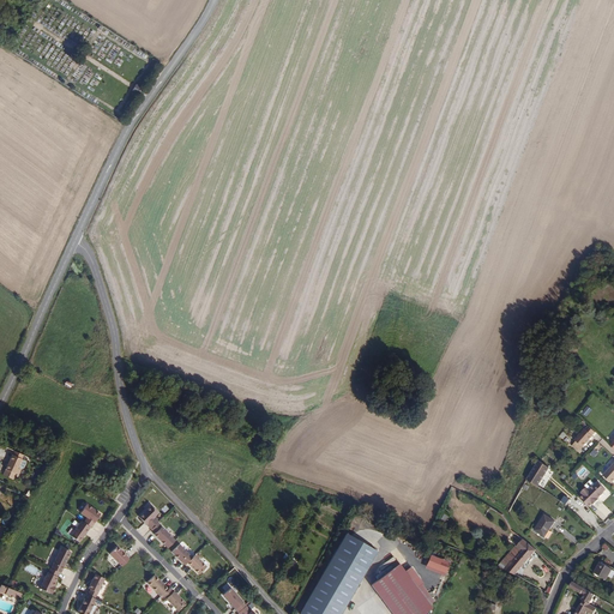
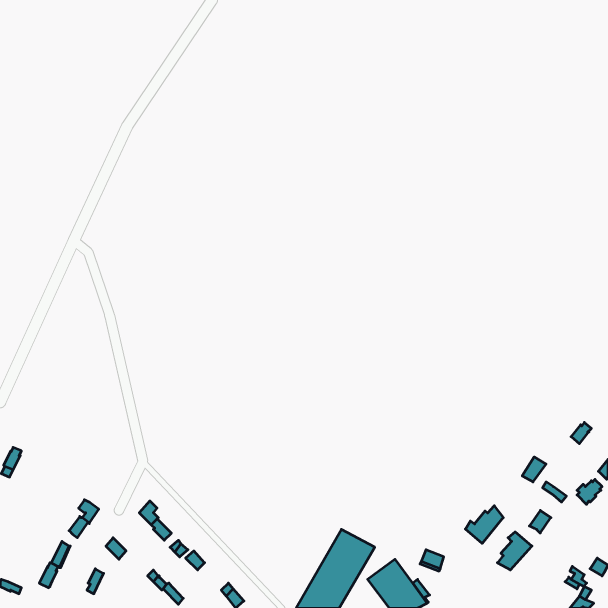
building: none -> [465,506,503,543]

